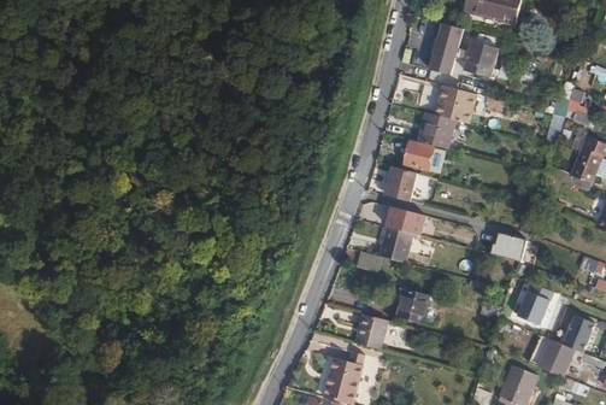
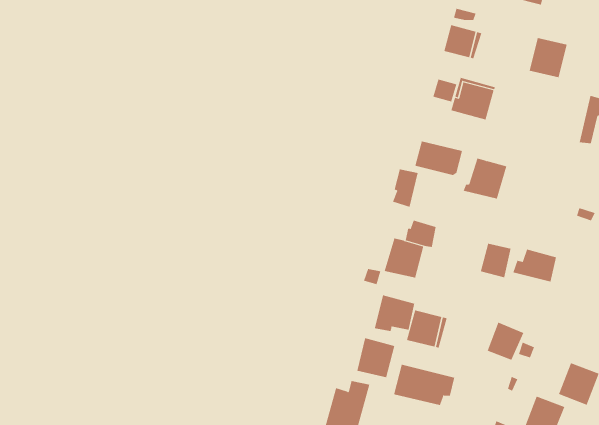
building: [465,42,499,77] -> [529,38,568,78]
building: [414,112,453,148] -> [463,158,507,199]
building: none -> [480,243,511,278]
building: none -> [374,295,415,332]
building: [517,289,549,323] -> [487,322,524,361]
building: none -> [394,364,455,406]

